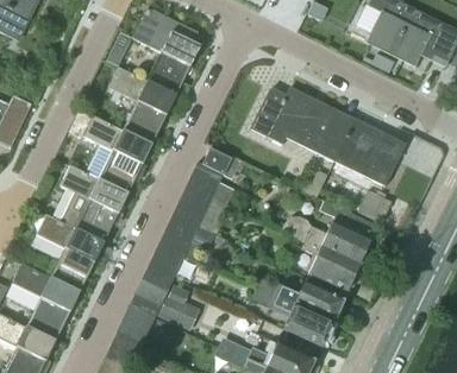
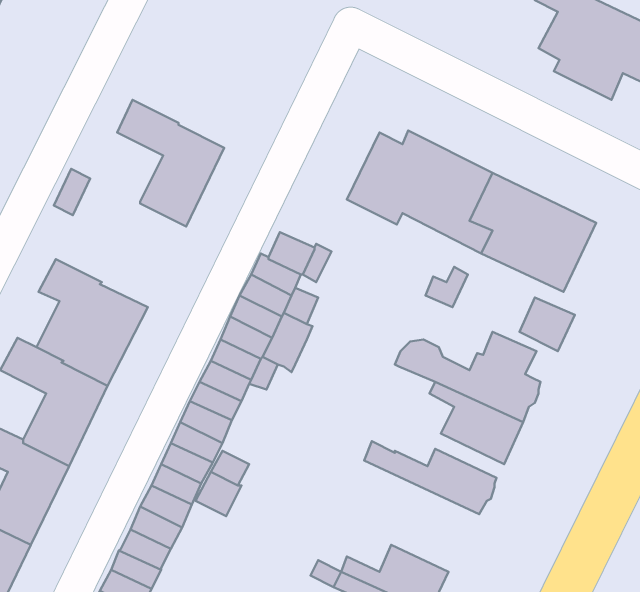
building: [132,10,200,96] -> none
building: [84,116,151,195] -> none
building: [257,290,333,346] -> none

